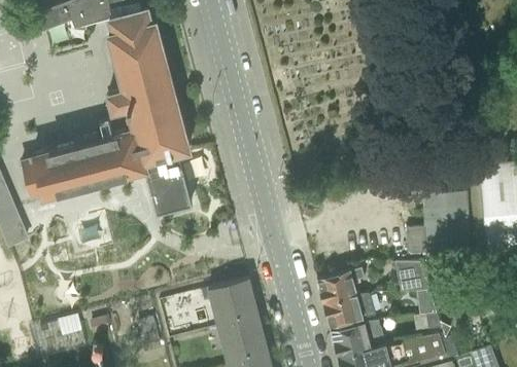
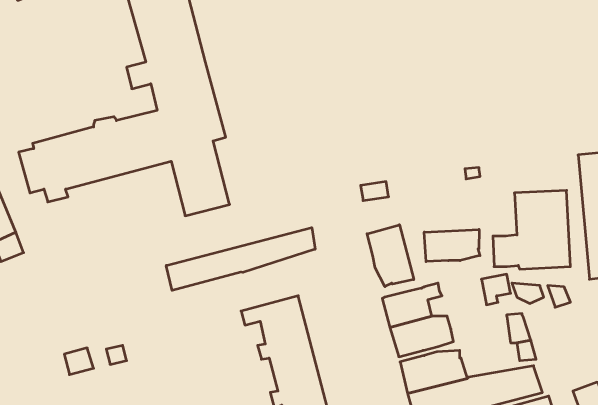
building: none -> [367,225,414,287]
building: none -> [166,228,315,290]
building: none -> [424,229,480,262]

